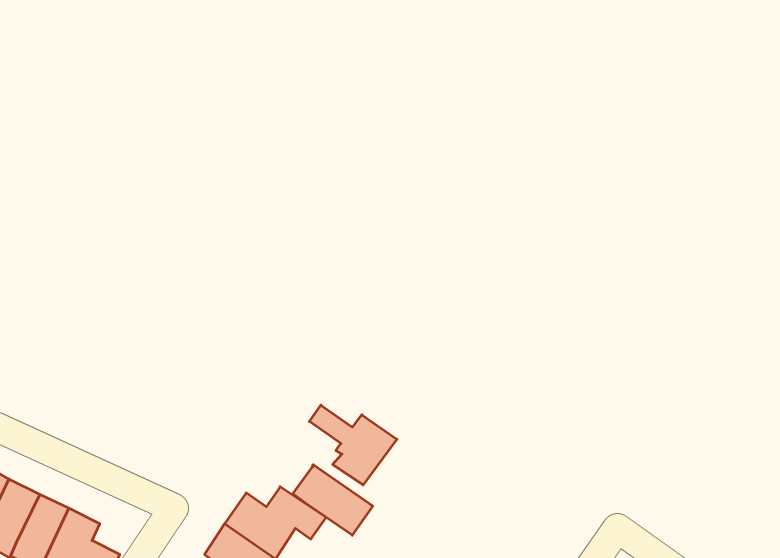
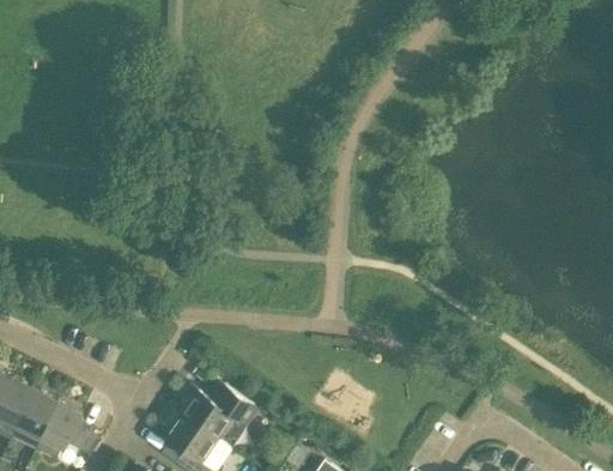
building: [309,405,397,485] -> none
building: [293,465,373,535] -> none

